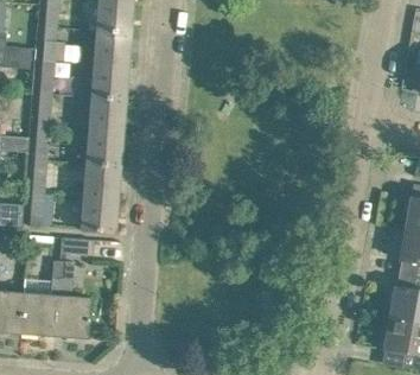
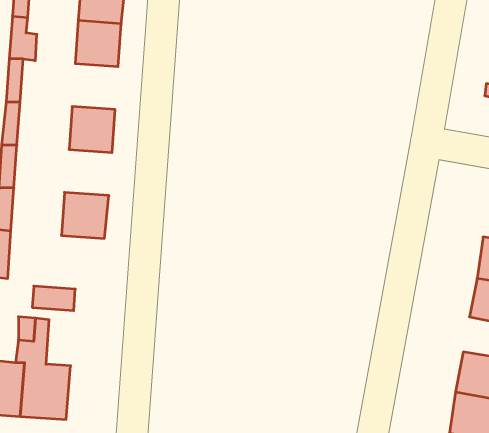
building: [91,63,127,98] -> none
building: [85,129,122,165] -> none
building: [81,196,116,231] -> none

